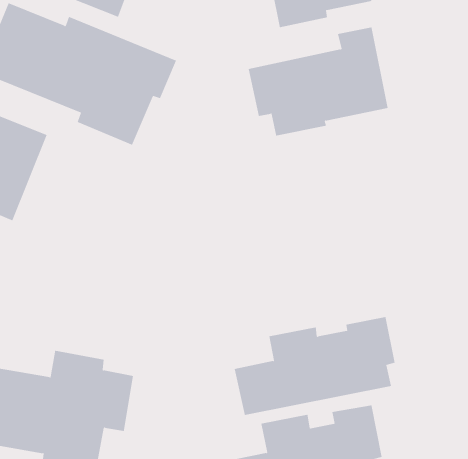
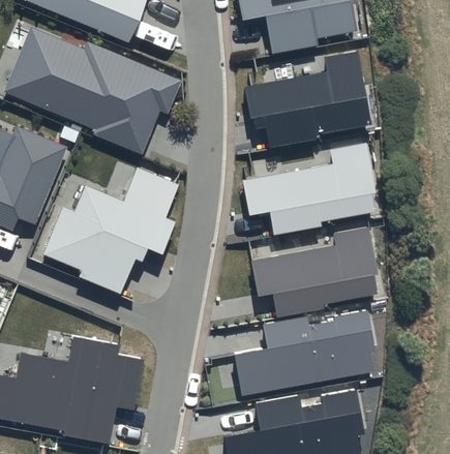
building: none -> [242,141,378,234]
building: none -> [41,167,180,294]
building: none -> [251,225,379,316]

